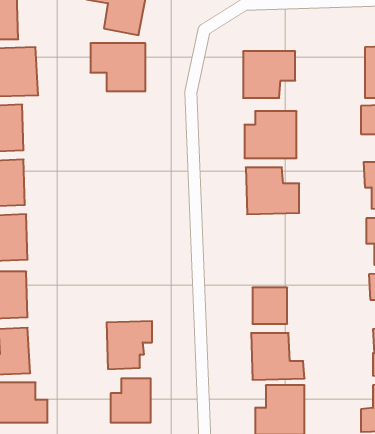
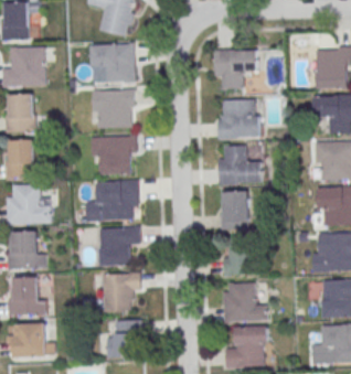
building: none -> [93,90,135,129]
building: none -> [91,136,137,174]
building: none -> [96,181,138,218]
building: none -> [220,191,249,229]
building: none -> [98,226,138,265]

